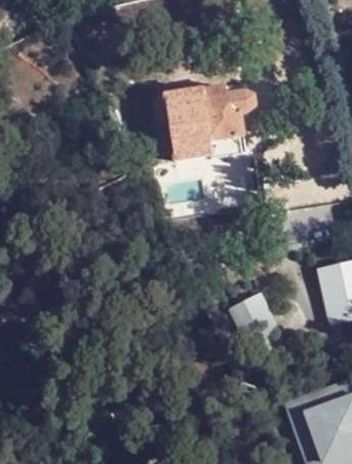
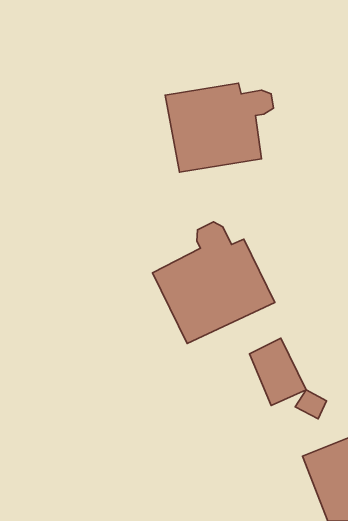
building: none -> [153,222,275,343]

